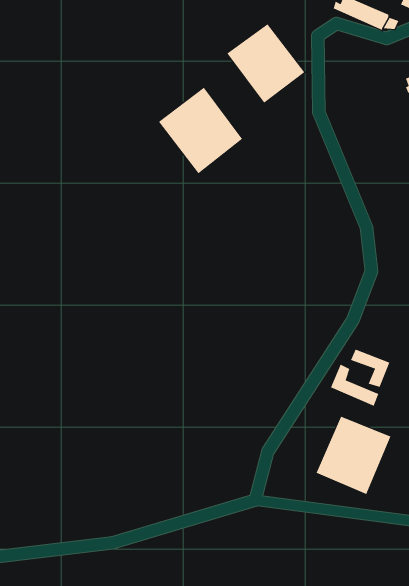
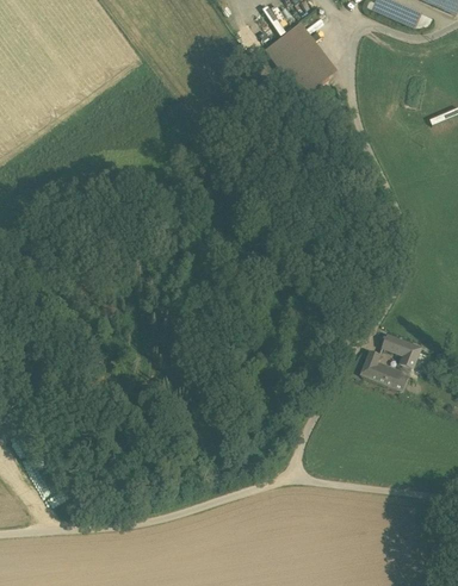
building: [158,87,243,174] -> none
building: [316,416,391,495] -> none

